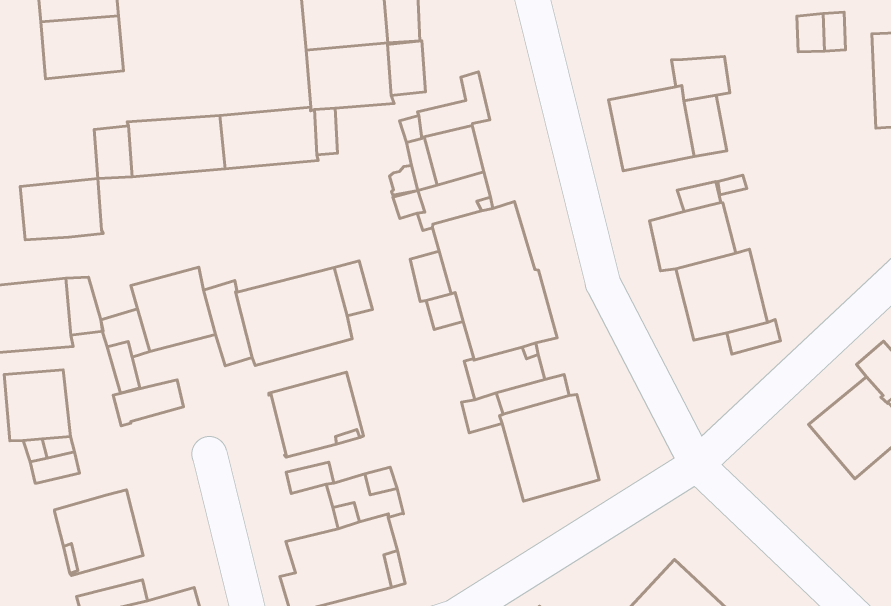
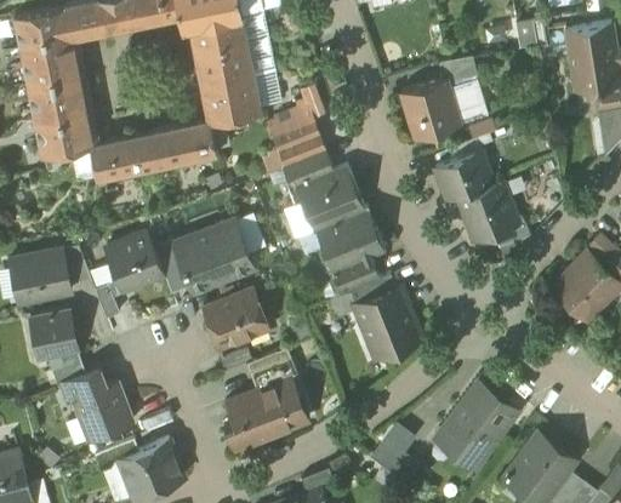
building: [20,179,103,240] -> [35,110,92,155]
building: [113,380,183,426] -> [59,368,106,402]

